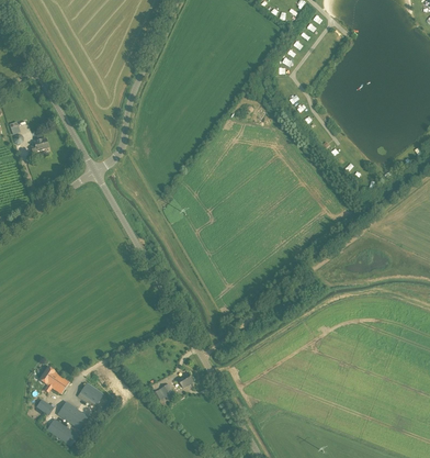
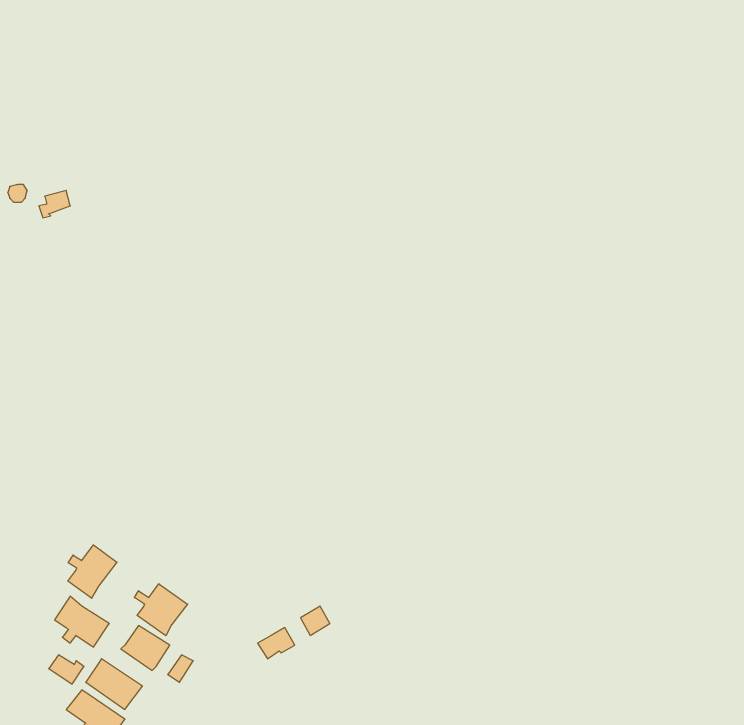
building: none -> [68,545,117,598]
building: none -> [134,584,188,636]

